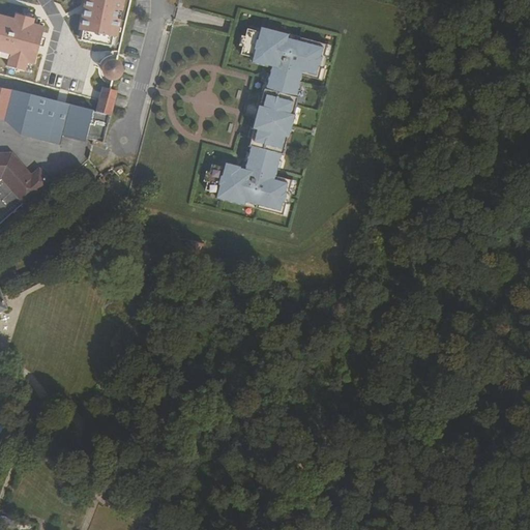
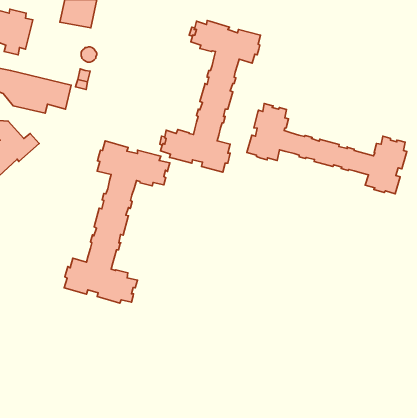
building: none -> [247,104,407,194]
building: none -> [64,141,170,303]

